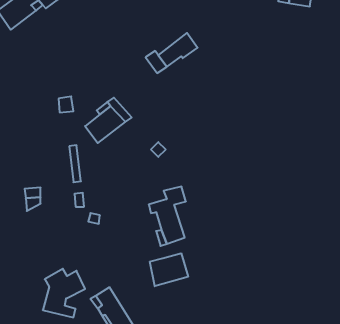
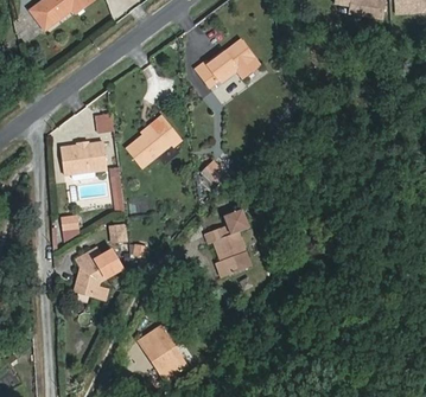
building: none -> [64,142,108,172]
building: [150,253,188,286] -> none
building: [43,269,85,317] -> [74,243,121,297]

